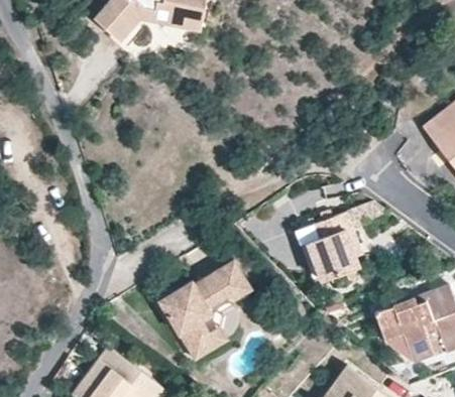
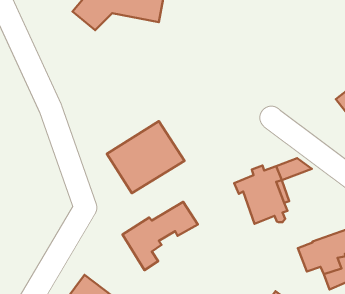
building: none -> [107,121,184,193]
building: [183,292,227,354] -> none

